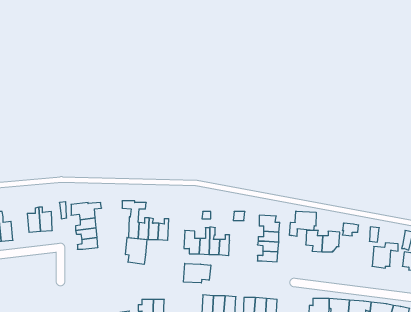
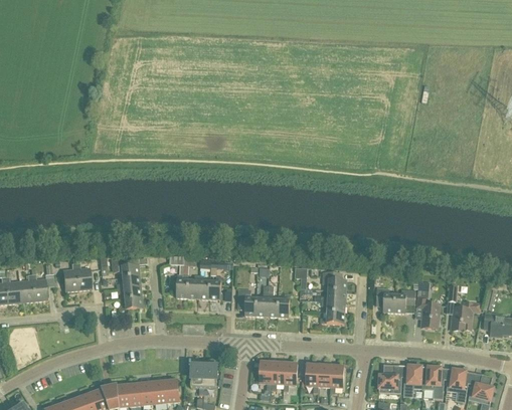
building: [290,211,316,236] -> none
building: none -> [416,295,439,328]
building: [126,237,147,264] -> none
building: [184,263,211,283] -> none

